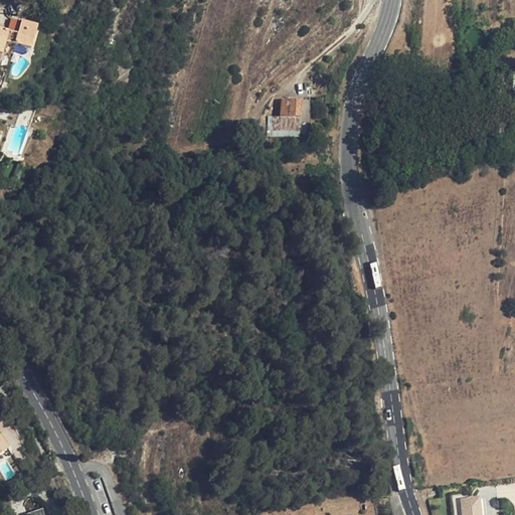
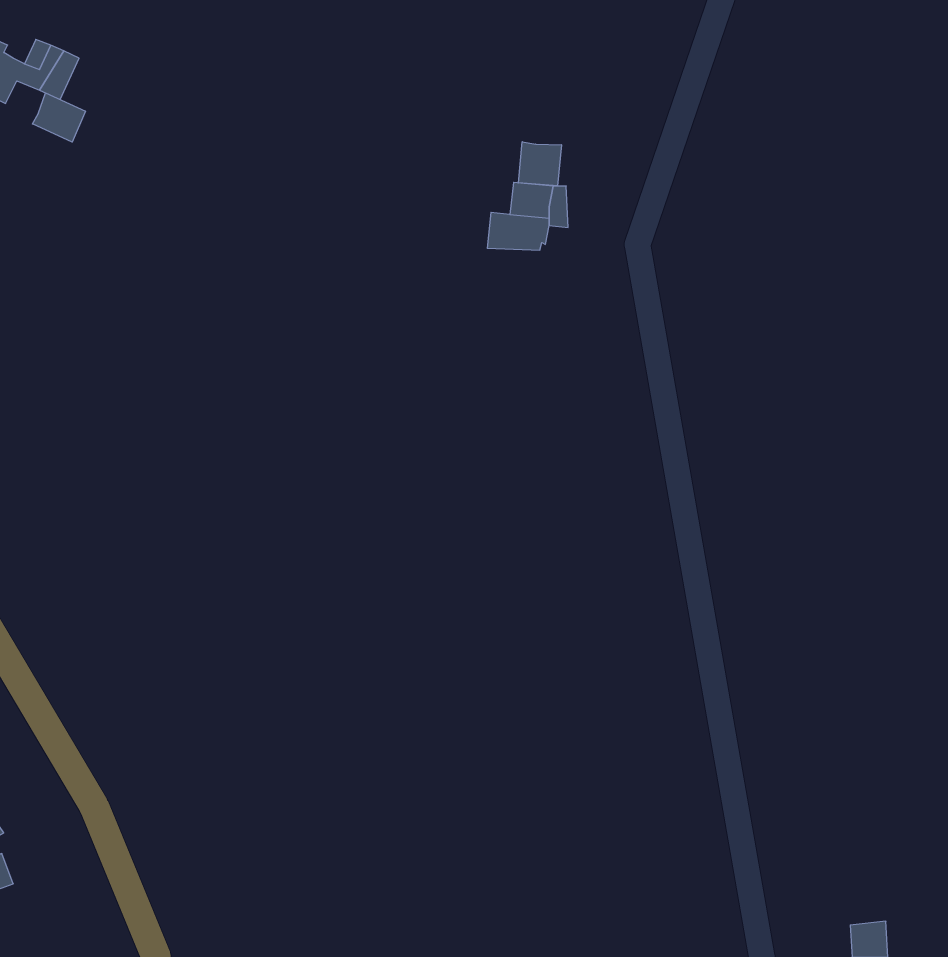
building: none -> [32,93,85,142]
building: none -> [518,142,561,186]

